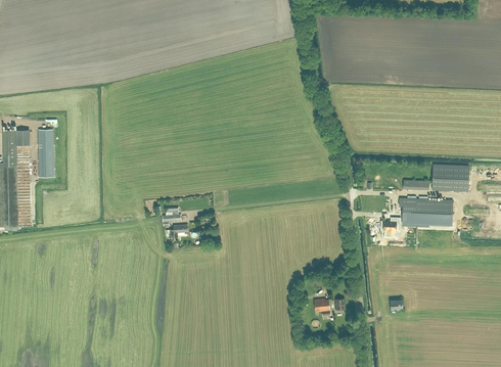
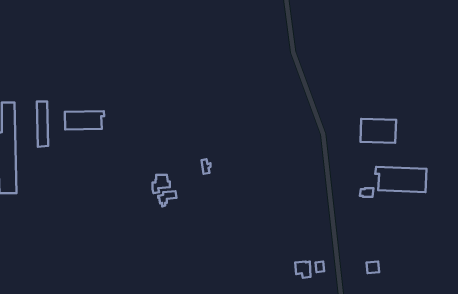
building: none -> [65,111,104,130]
building: [432,165,470,190] -> [360,119,396,143]

